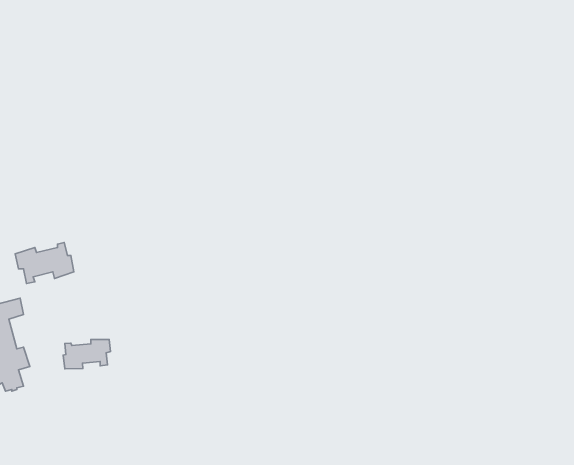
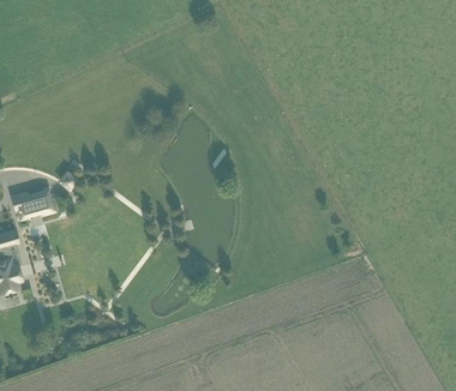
building: [63,339,110,369] -> none

